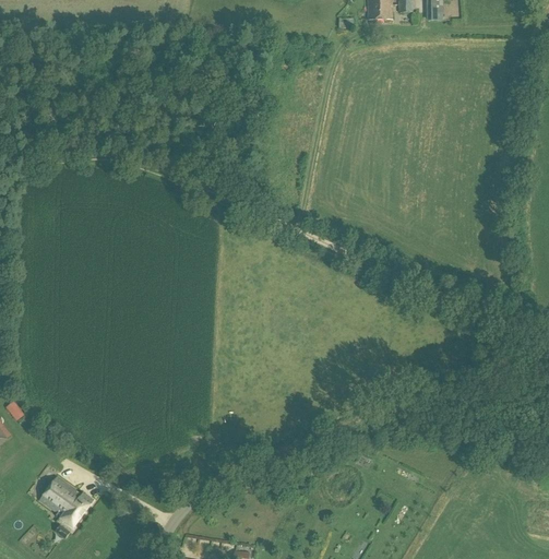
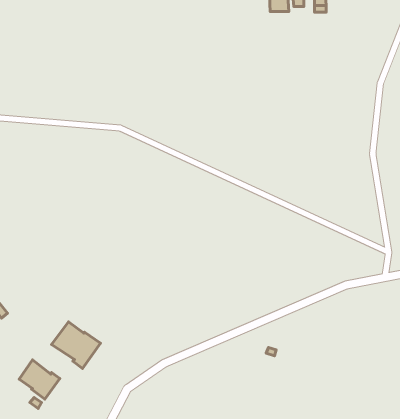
building: none -> [52,322,101,368]

